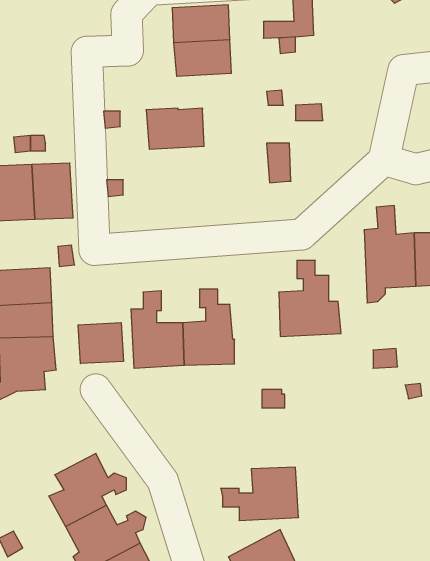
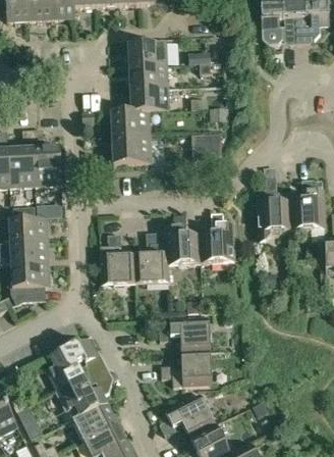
building: none -> [130,87,169,111]
building: none -> [112,136,151,164]
building: none -> [165,214,200,265]
building: [78,323,123,364] -> none
building: none -> [159,317,210,352]

